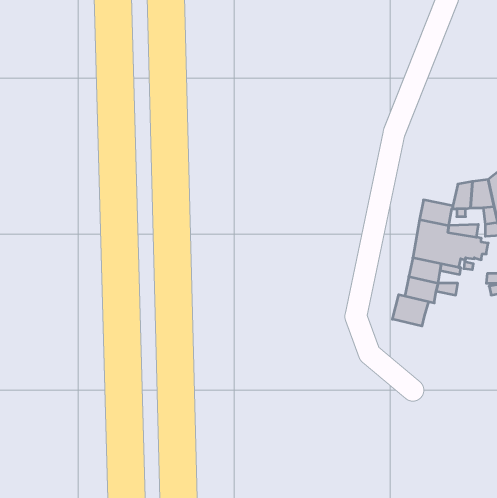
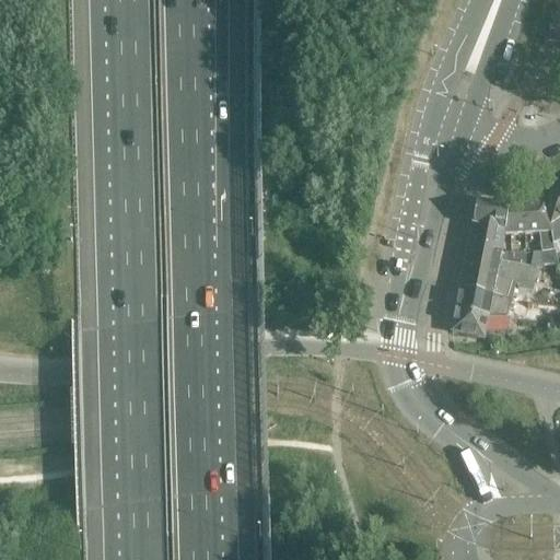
building: none -> [477,201,515,230]
building: [392,295,428,326] -> none

